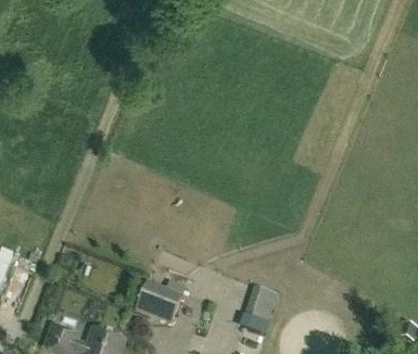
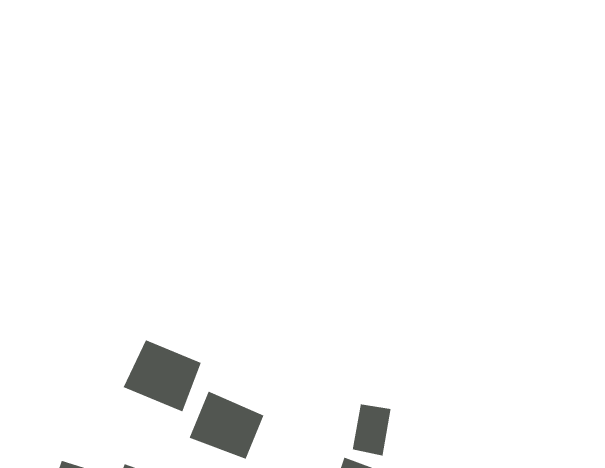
building: none -> [122,339,202,412]

